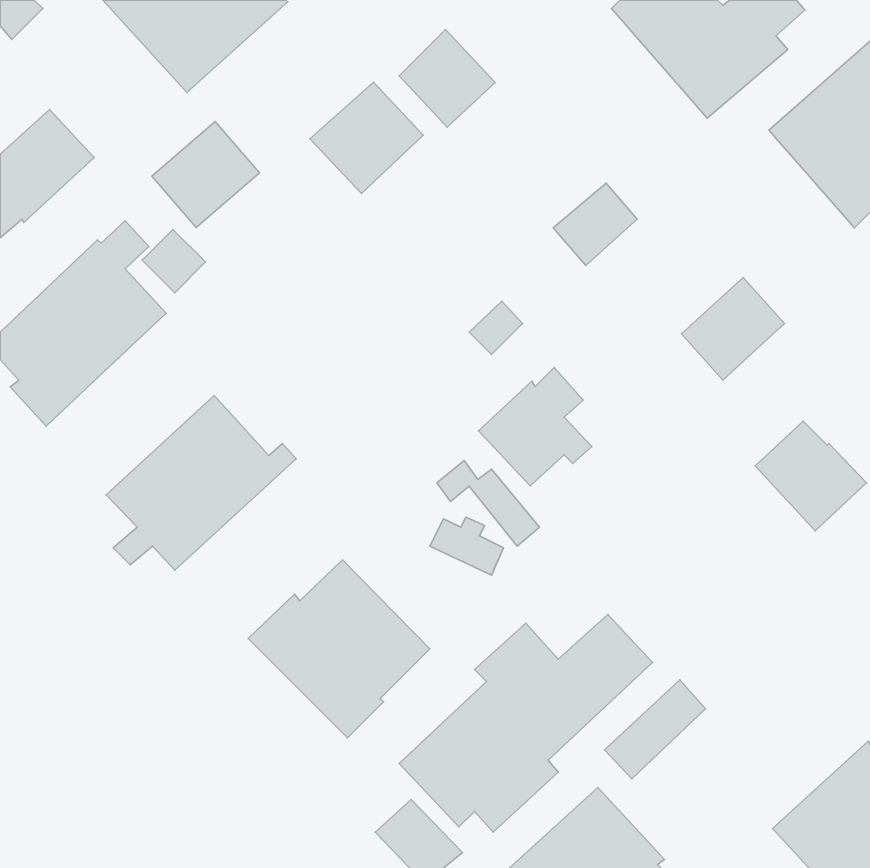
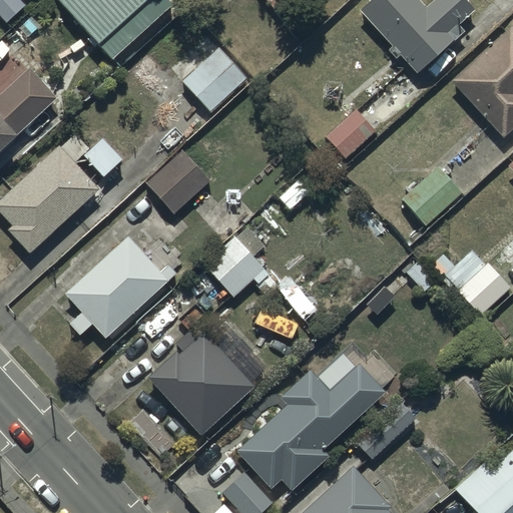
building: [399,30,495,127] -> none
building: [152,121,260,227] -> [146,152,209,214]
building: [479,368,592,486] -> [203,228,270,298]

